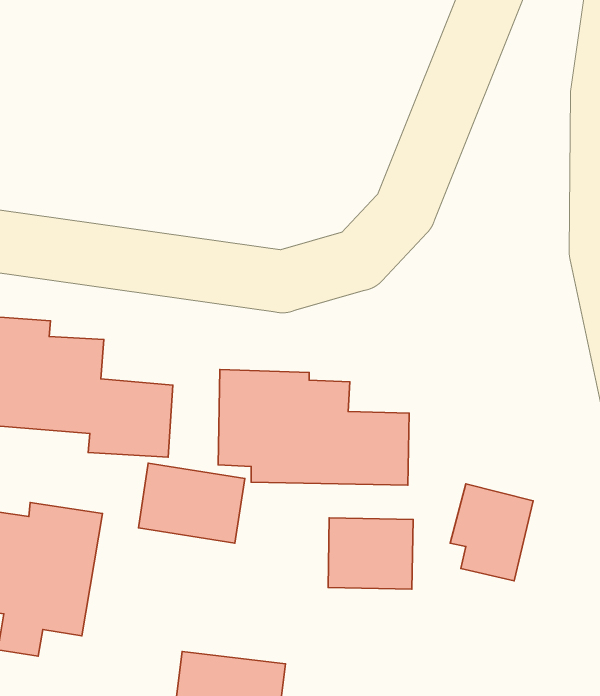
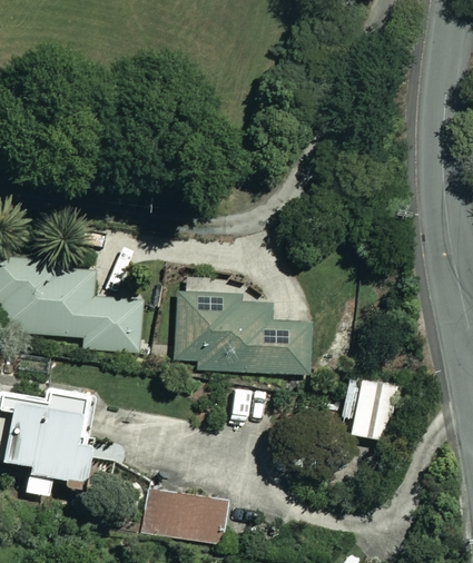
building: [138,463,245,543] -> none
building: [328,518,413,589] -> none

